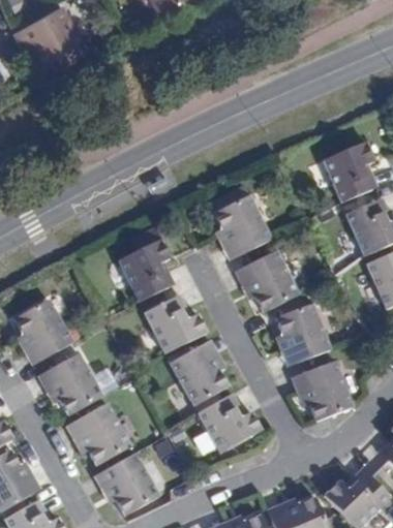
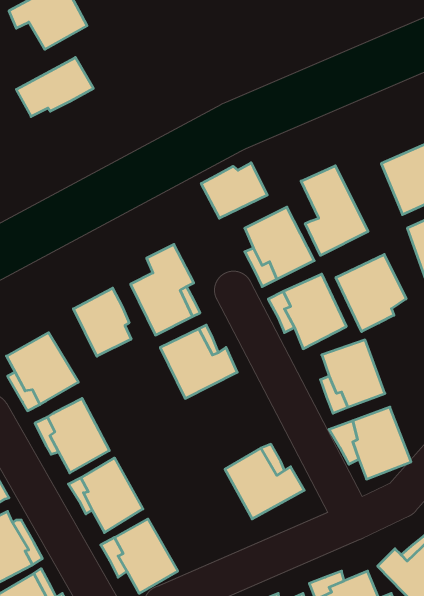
building: none -> [16,57,93,117]
building: none -> [201,163,267,218]
building: none -> [301,166,368,255]
building: none -> [336,254,406,332]
building: none -> [73,288,131,356]
building: [168,346,225,407] -> none

